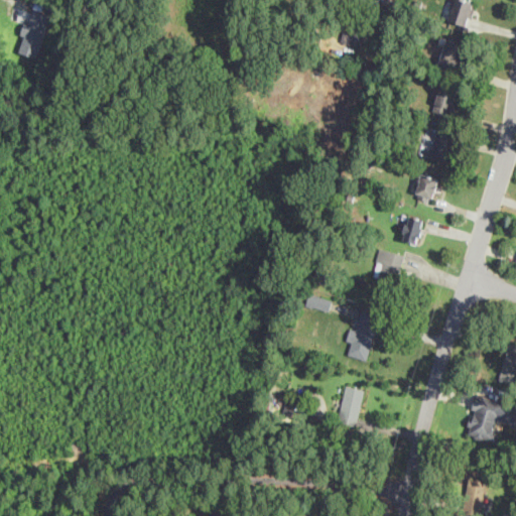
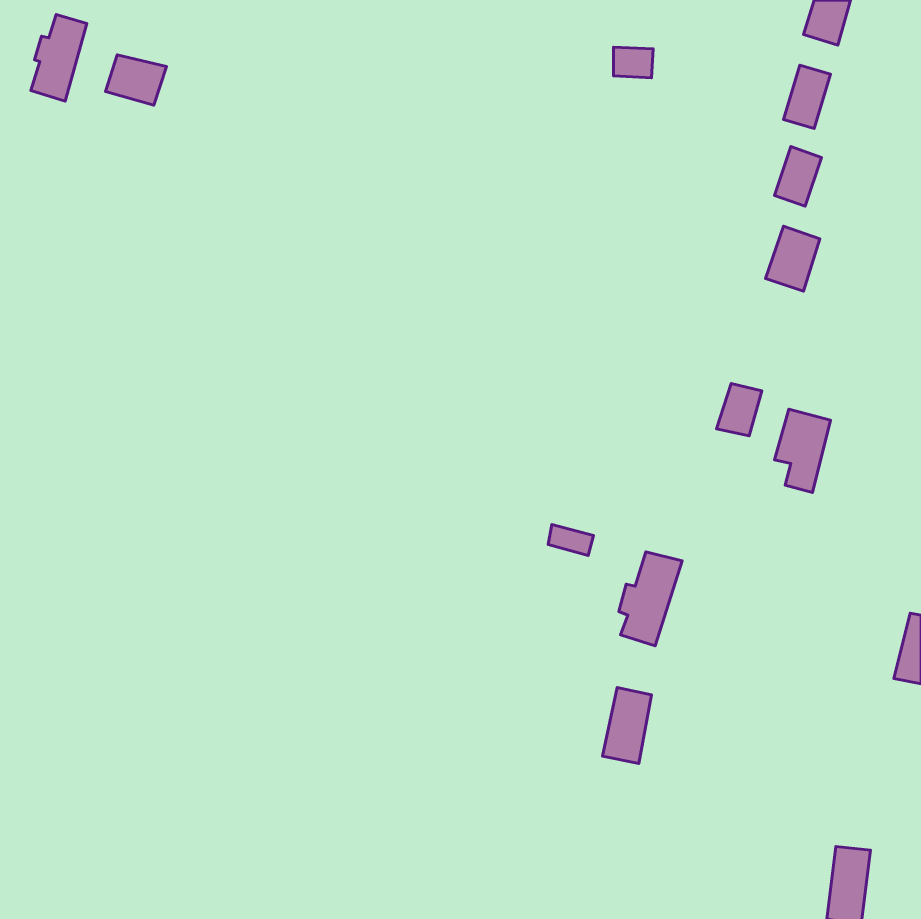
building: none -> [106,55,167,105]
building: [413,174,438,204] -> none
building: [371,250,402,296] -> [774,409,830,492]
building: [465,396,504,443] -> none

